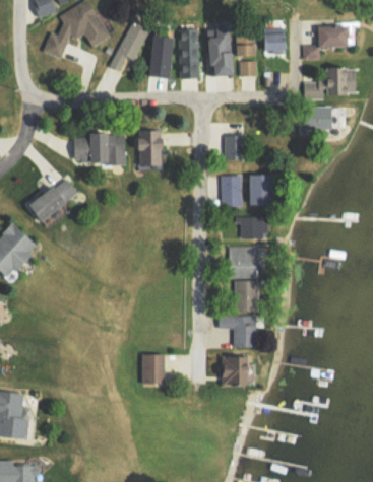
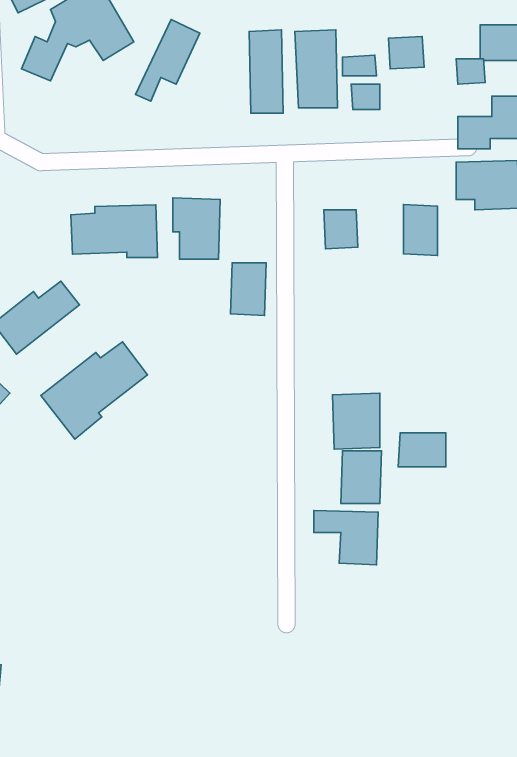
building: [148,36,175,77] -> none
building: [249,174,269,204] -> [404,205,437,255]
building: [222,176,243,207] -> [231,263,266,316]
building: none -> [41,342,147,439]
building: [241,217,269,237] -> [398,433,446,467]
building: [142,354,166,384] -> none
building: [221,356,246,386] -> none

